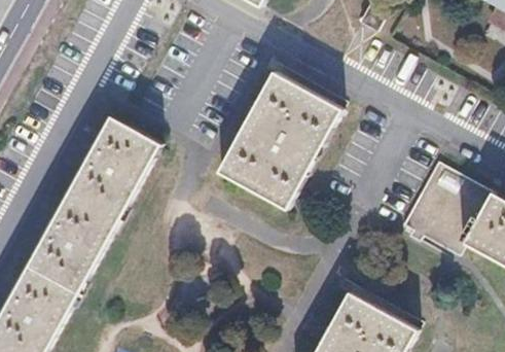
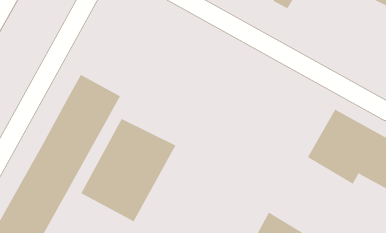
building: [218,71,340,207] -> none
building: none -> [81,118,176,222]

